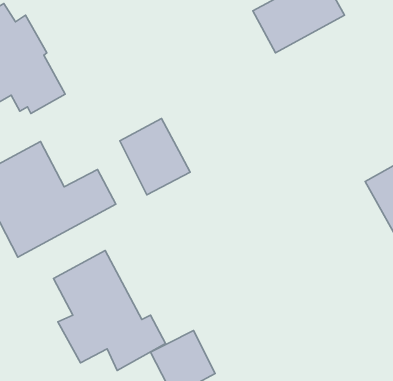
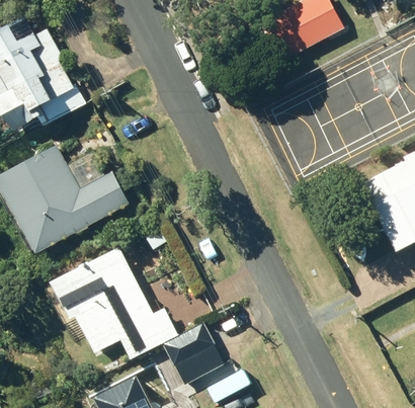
building: [120,118,190,195] -> none

